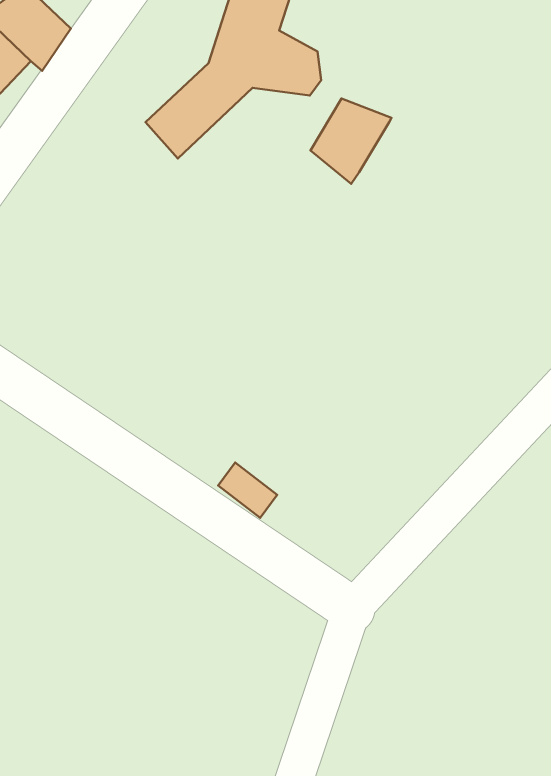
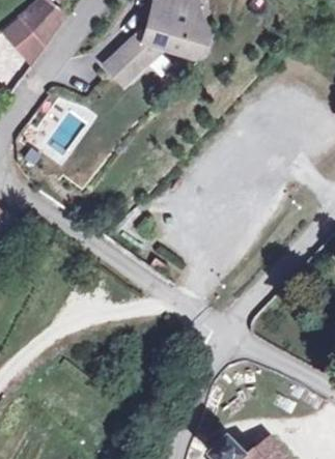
building: [311,98,392,184] -> none

